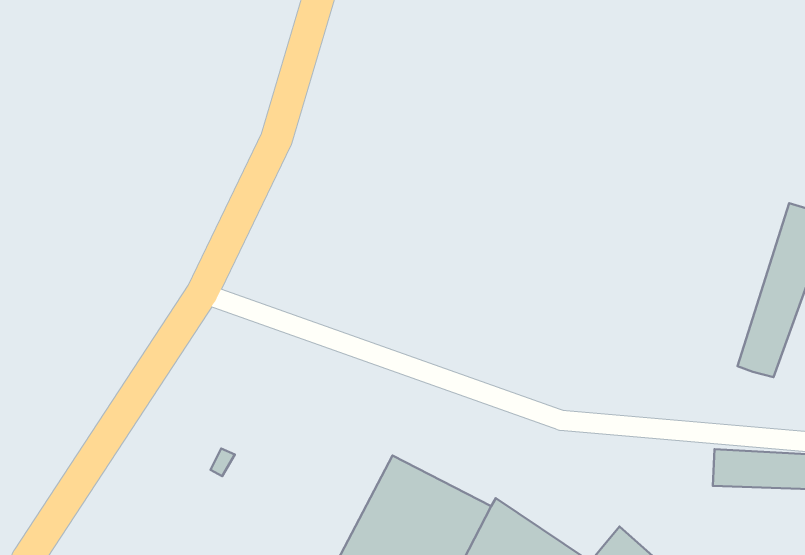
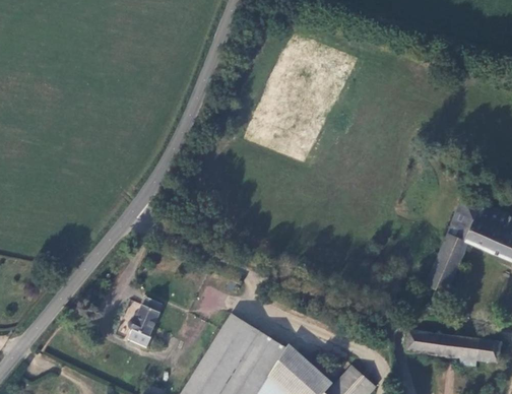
building: none -> [132,301,166,350]

